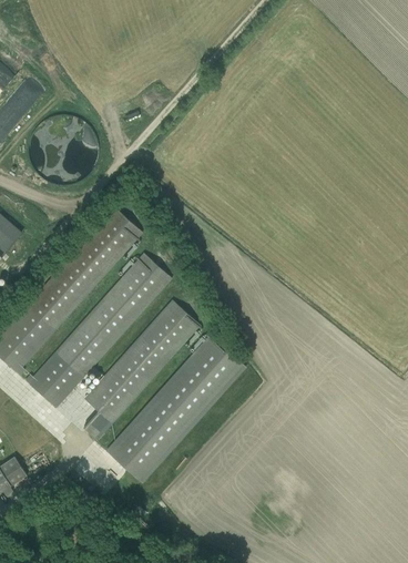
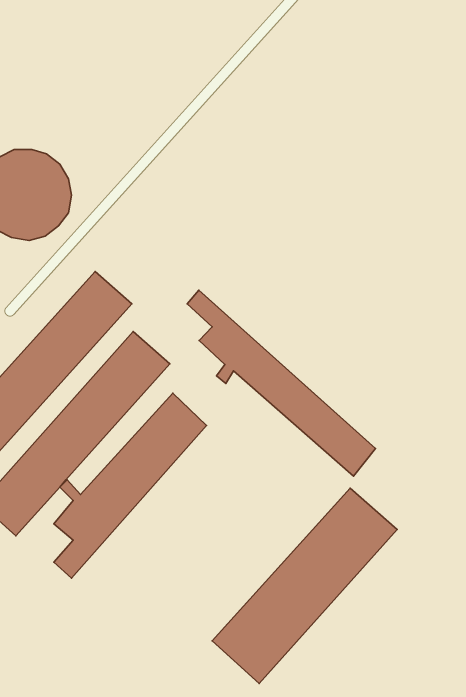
building: none -> [187,290,375,476]
building: [105,335,245,482] -> [212,488,397,684]

